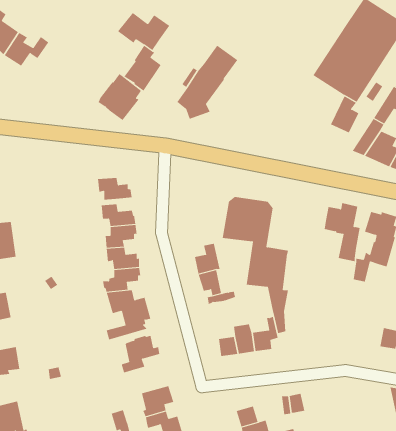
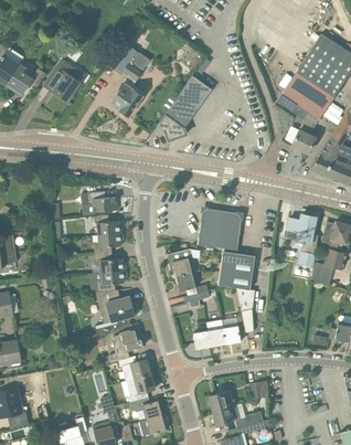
building: [98,73,142,121] -> [44,60,83,102]
building: none -> [118,357,150,381]

